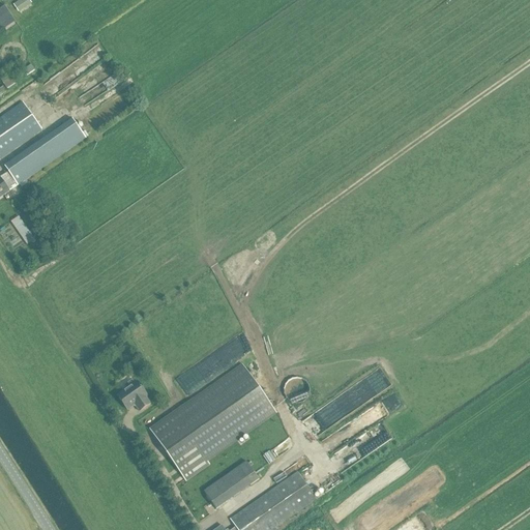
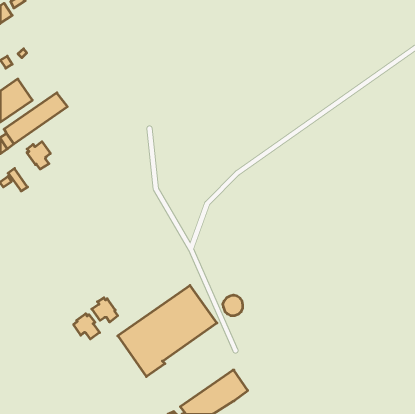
building: none -> [27,142,50,169]
building: none -> [74,314,100,339]
building: [204,460,259,507] -> none

